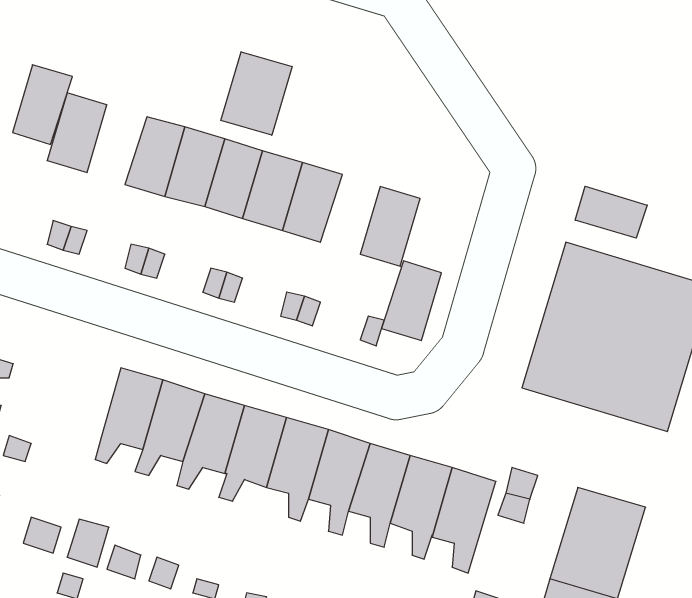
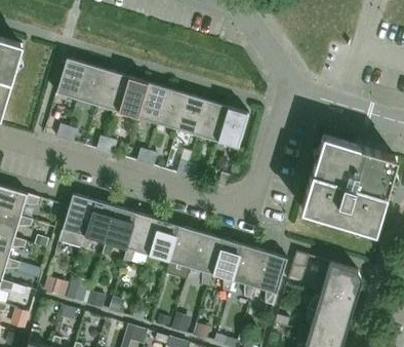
building: [221,52,292,135] -> none
building: [13,65,72,144] -> [77,65,108,106]
building: [575,186,647,238] -> none
building: [382,261,441,341] -> [197,101,228,142]
building: none -> [58,194,94,243]

